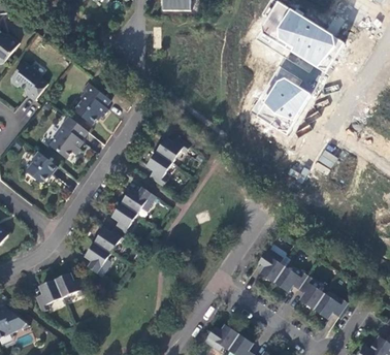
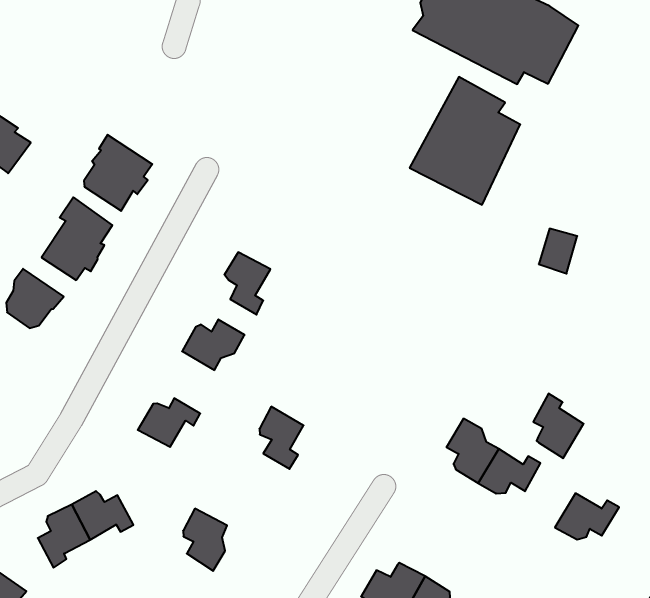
building: [154,134,188,161] -> none
building: [112,201,136,235] -> [259,407,304,469]
building: [86,241,109,276] -> [183,509,227,571]
building: [297,276,324,311] -> [533,394,584,458]

